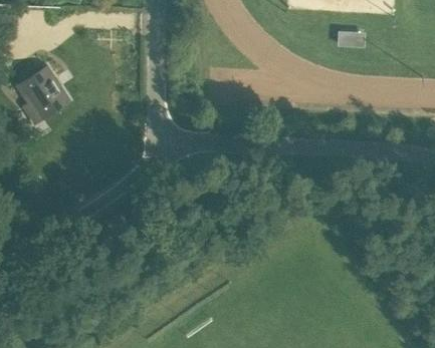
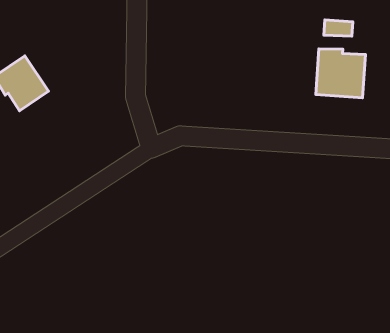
building: none -> [316,49,366,98]

